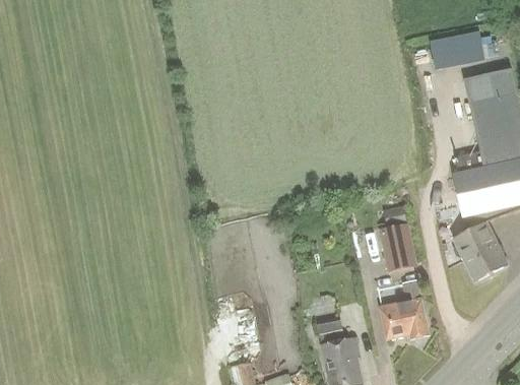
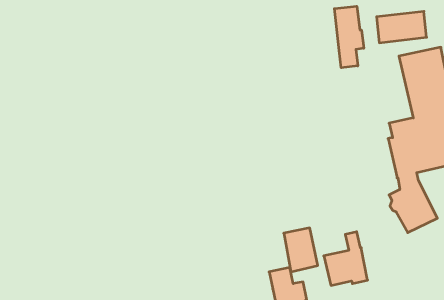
building: none -> [334,6,364,68]
building: [379,221,417,271] -> [284,228,318,272]

